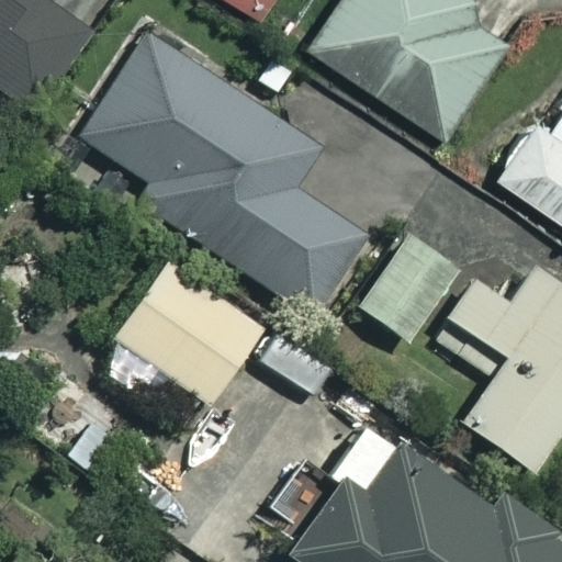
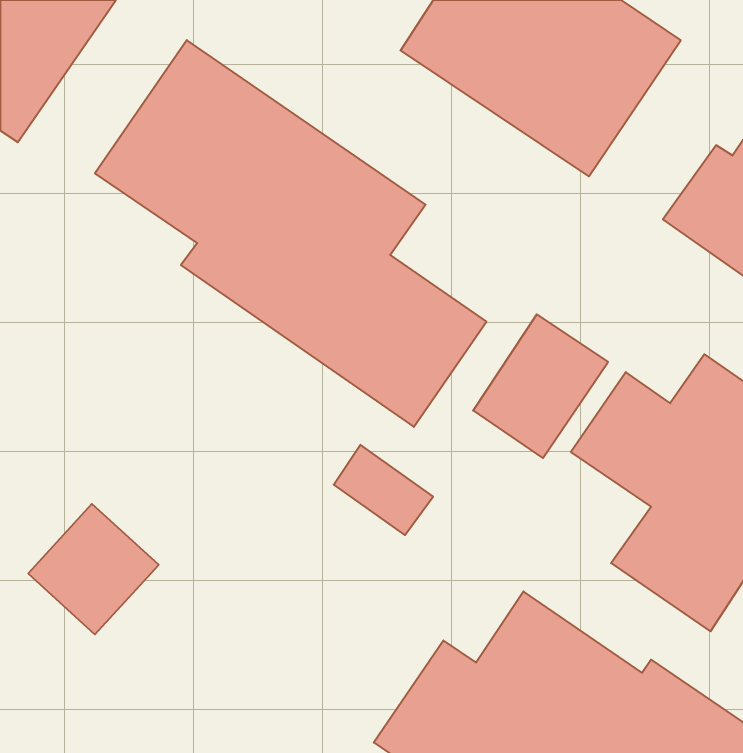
building: [114,262,261,401] -> none

